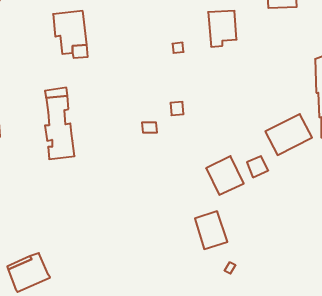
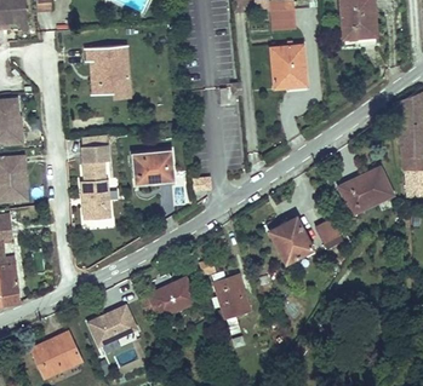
building: none -> [131,148,173,185]
building: none -> [148,276,196,315]
building: [195,211,227,249] -> [213,272,252,317]
building: none -> [85,304,135,346]

